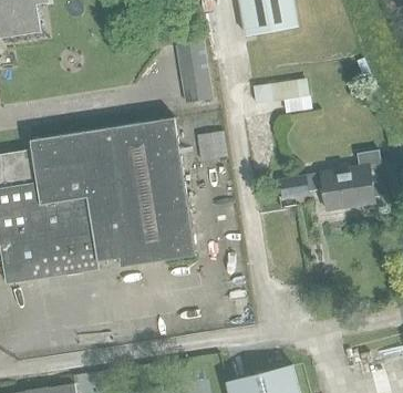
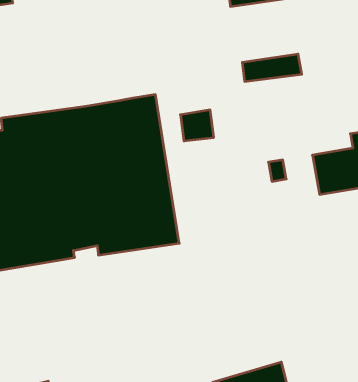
building: [177,42,213,105] -> none

